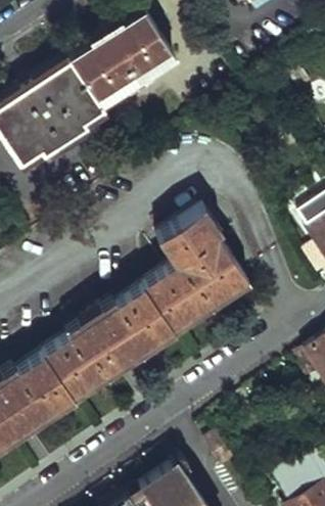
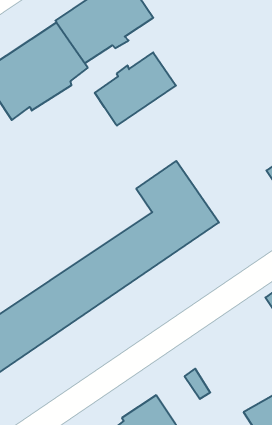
building: none -> [95,52,176,126]

